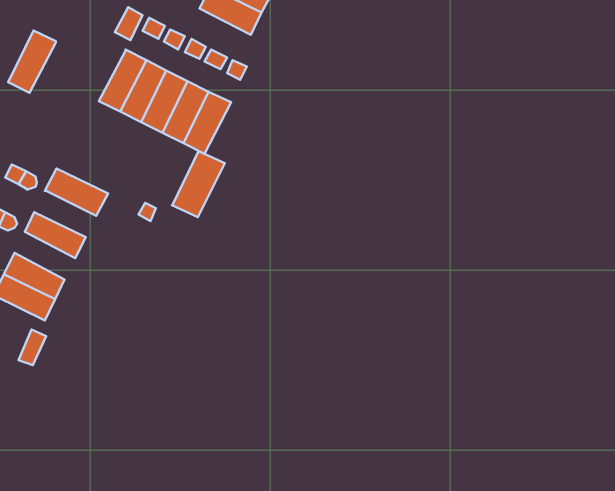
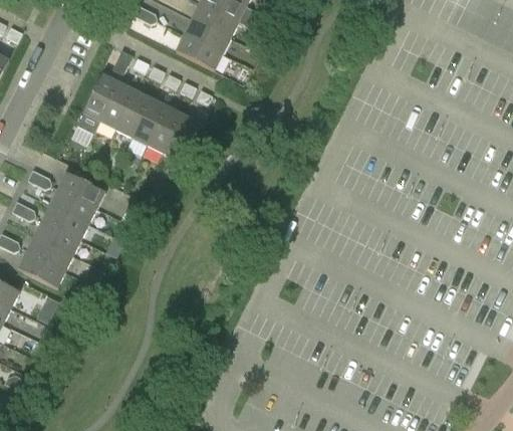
building: [8,31,56,93] -> [82,73,118,121]
building: [172,151,225,217] -> none
building: none -> [49,189,96,224]
building: none -> [34,220,80,256]

